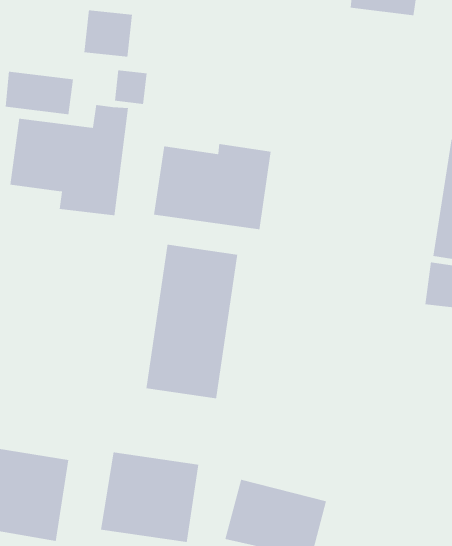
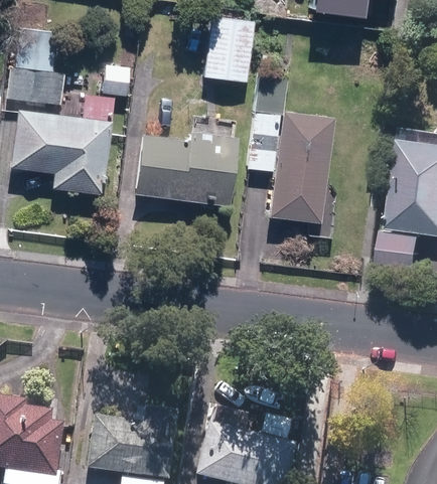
building: [83,10,133,57] -> [15,29,58,70]
building: none -> [202,16,255,83]
building: none -> [269,110,336,223]
building: [146,244,238,399] -> none

